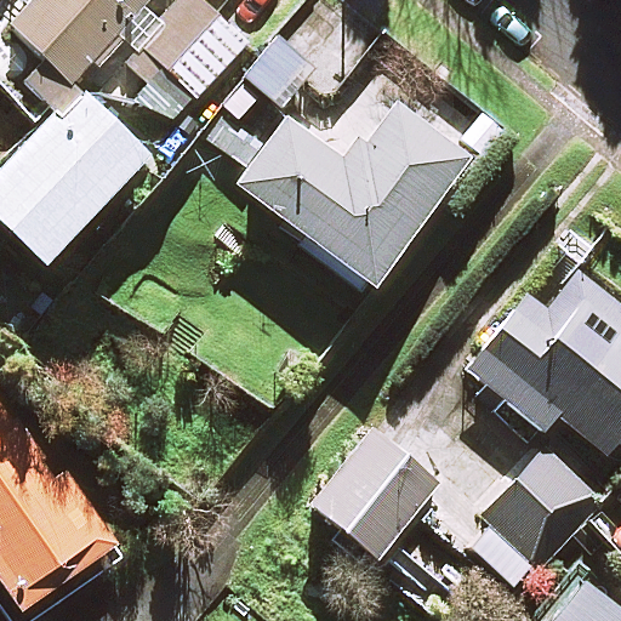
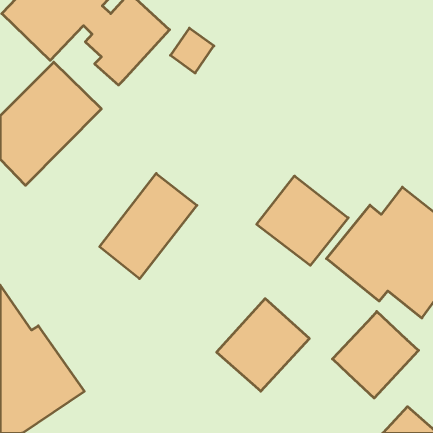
building: [204,102,468,286] -> none
building: none -> [100,173,197,279]
building: none -> [257,176,348,265]

